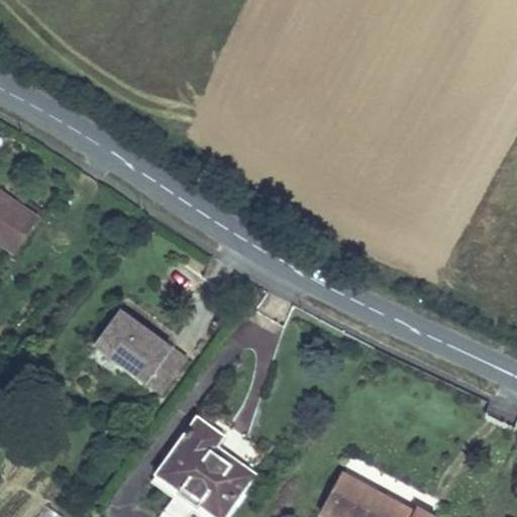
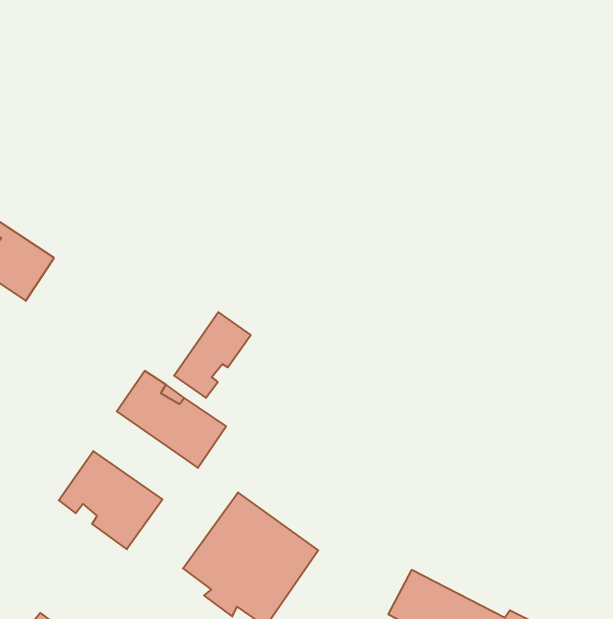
building: none -> [174,312,251,398]
building: none -> [59,451,162,549]

